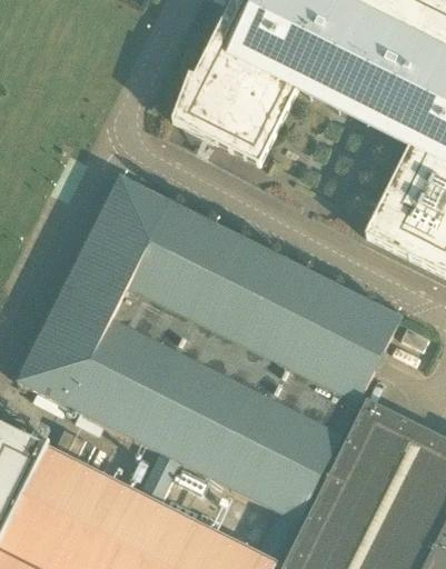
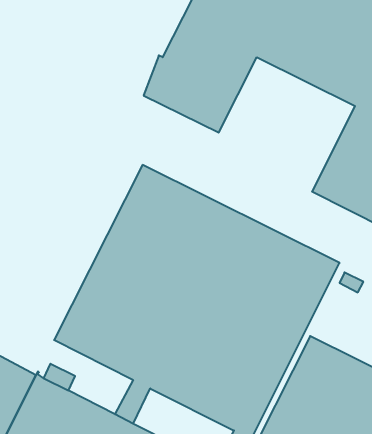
building: [16,177,169,407] -> none

